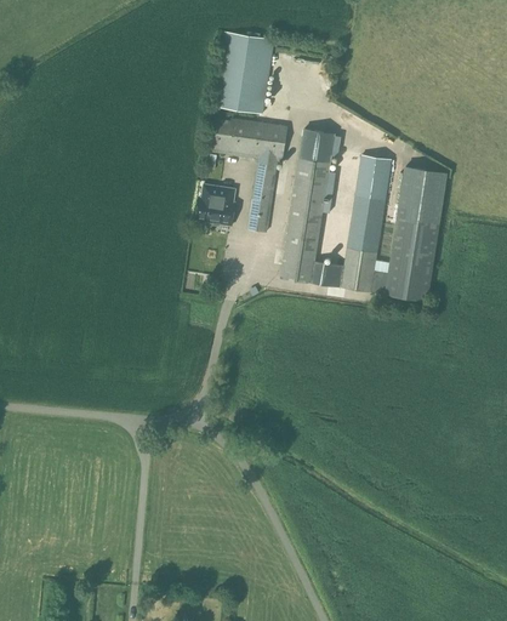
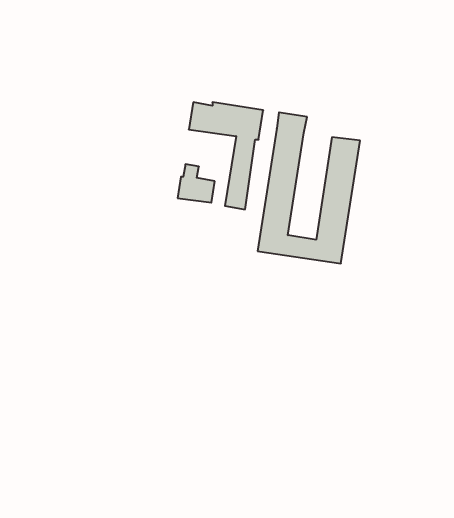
building: [213,32,274,113] -> none
building: [386,164,448,300] -> none

